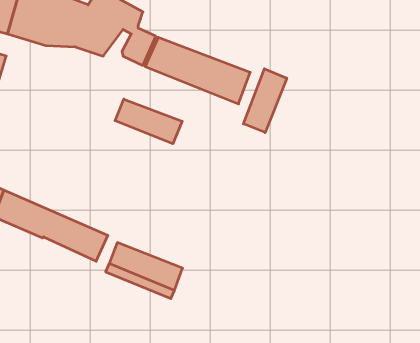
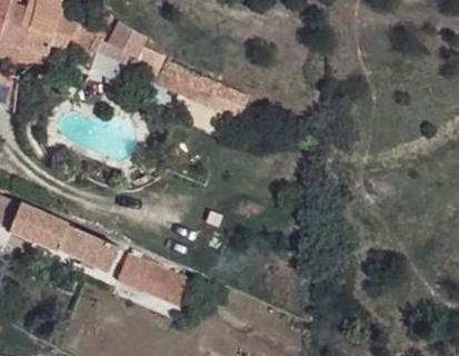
building: [243,69,287,133] -> none
building: [115,99,182,144] -> none

